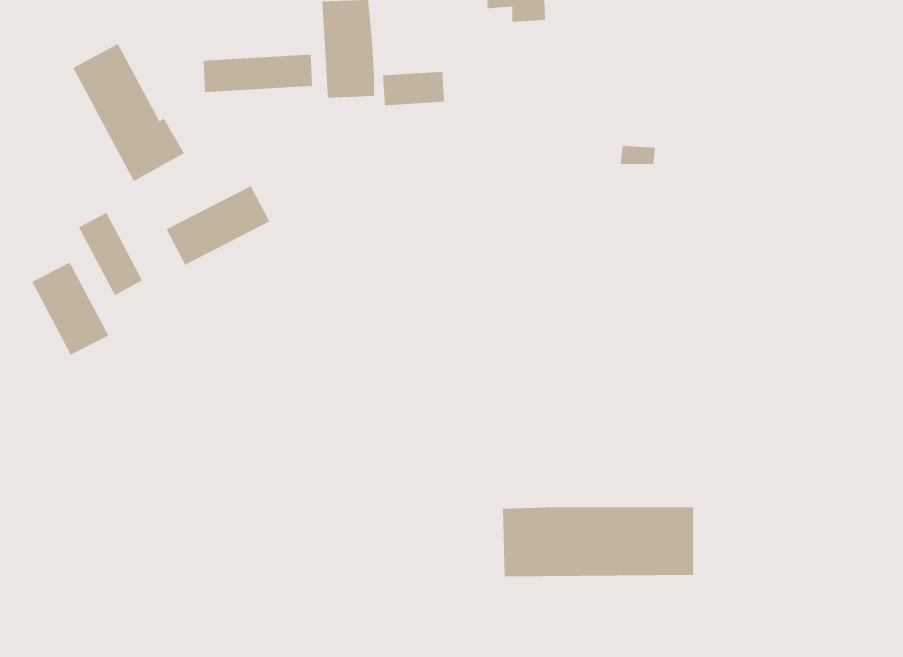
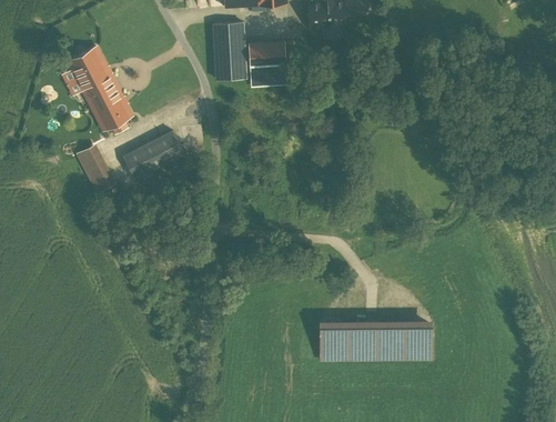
building: none -> [249,42,285,67]
building: [203,54,313,93] -> none
building: [32,262,109,356] -> none

